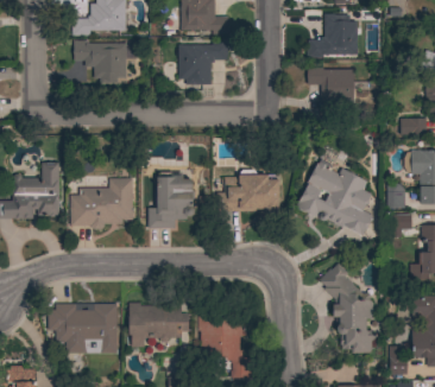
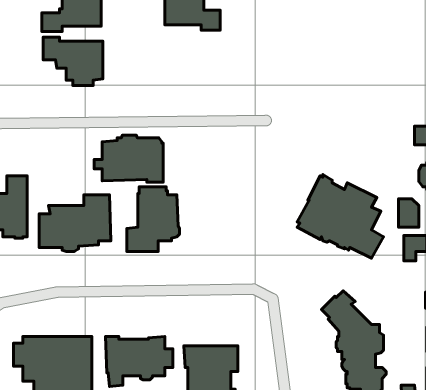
building: [308,14,358,58] -> none
building: [179,43,228,84] -> none
building: [308,68,354,106] -> none
building: [219,172,279,214] -> [94,135,163,182]

